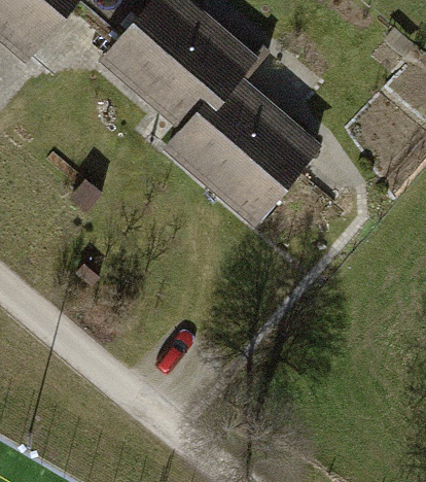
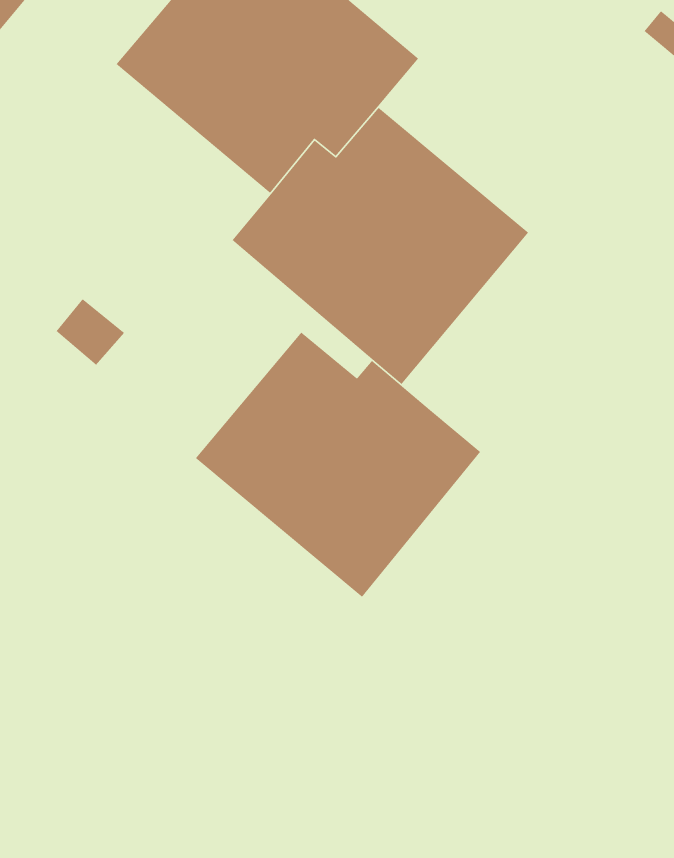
building: none -> [195,332,481,598]

